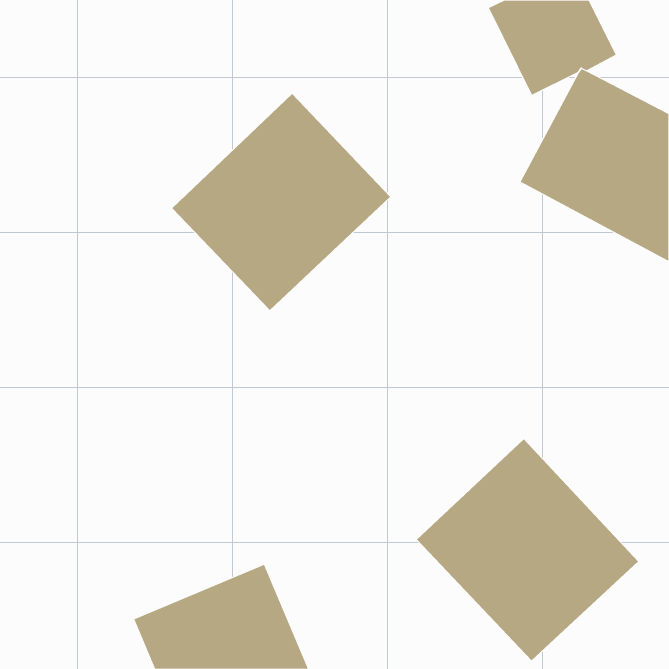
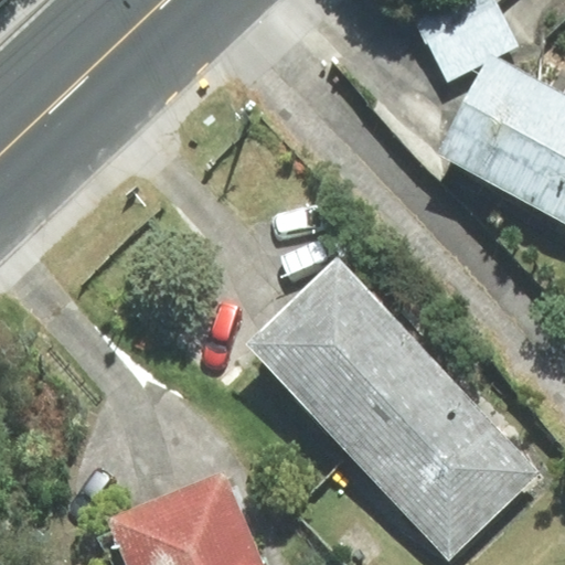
building: [171,93,391,311] -> none
building: none -> [246,259,441,455]

